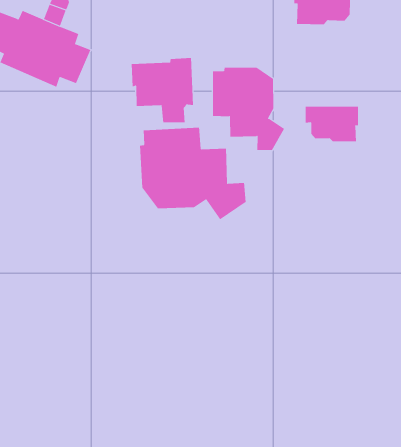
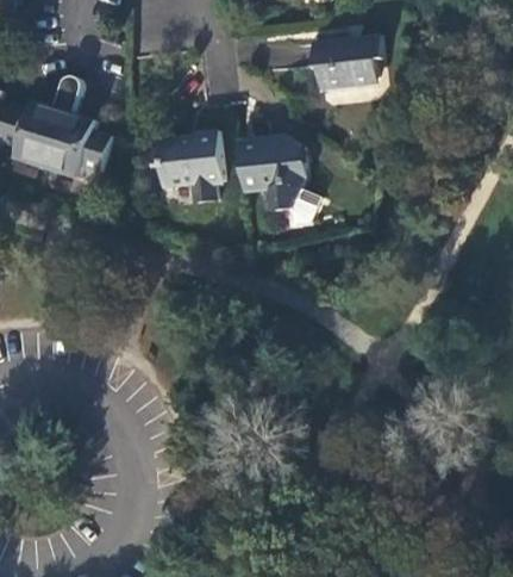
building: [305,106,359,142] -> none
building: [140,127,246,220] -> none

